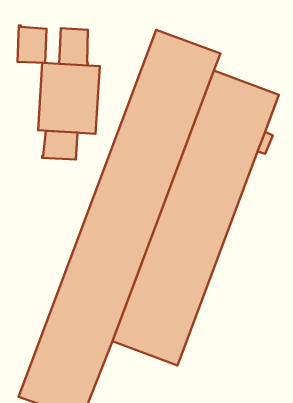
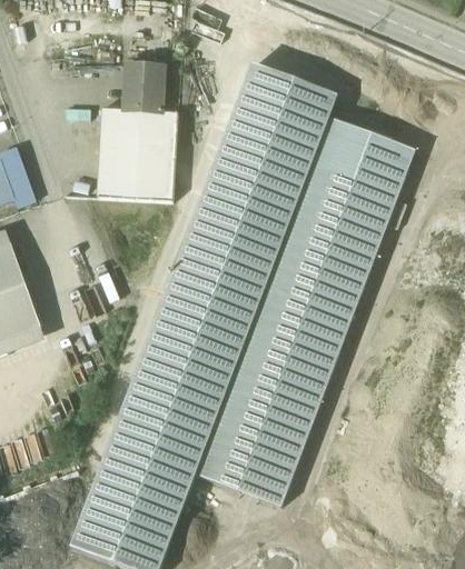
building: [17,25,46,63] -> none
building: [42,131,78,160] -> none

